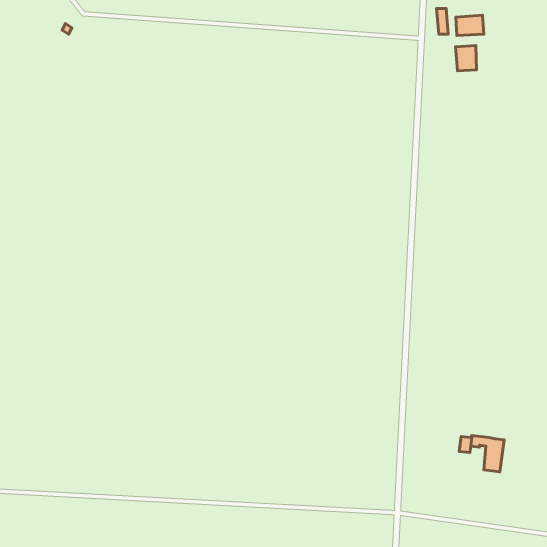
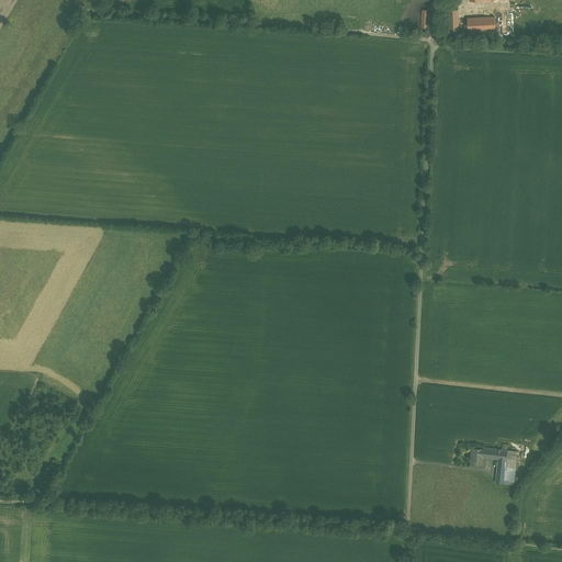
building: [456,46,477,71] -> none

